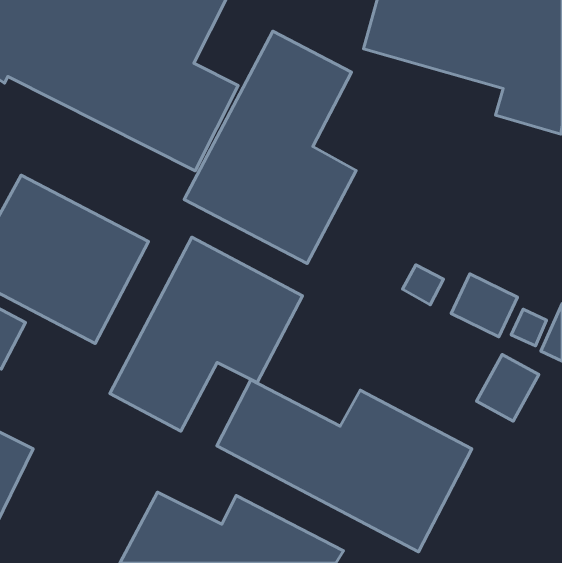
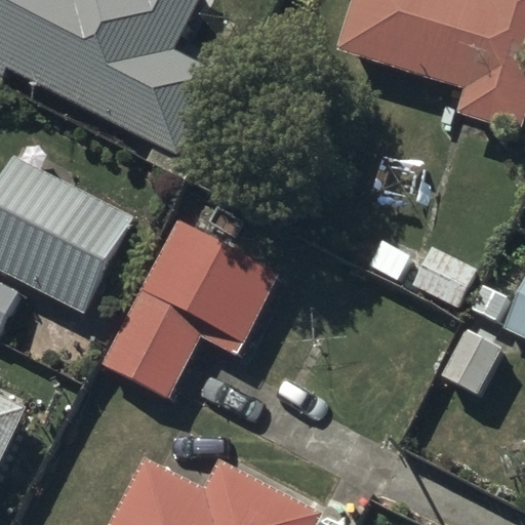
building: [184,31,356,264] -> none
building: [217,380,472,552] -> none

